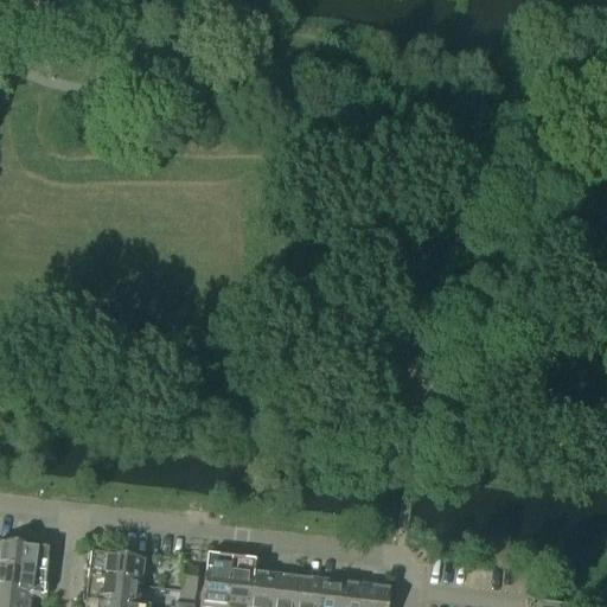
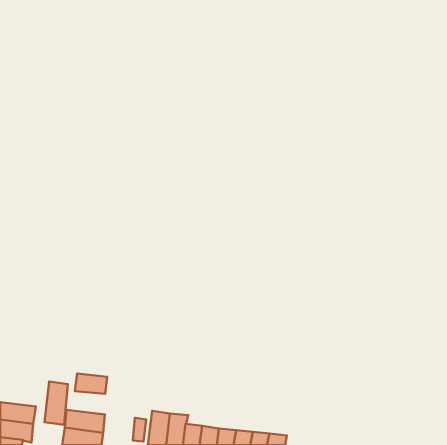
building: none -> [75,373,107,394]
building: none -> [45,382,68,425]

